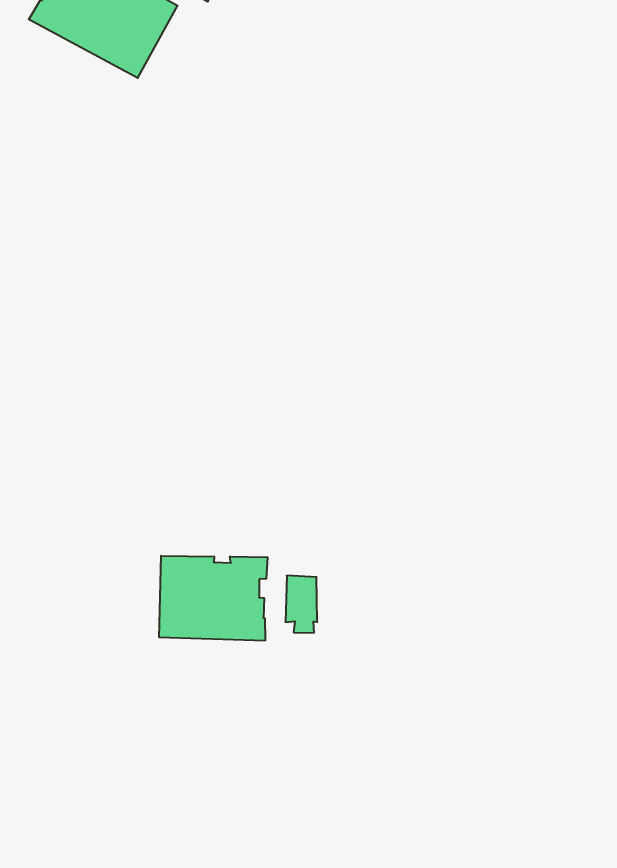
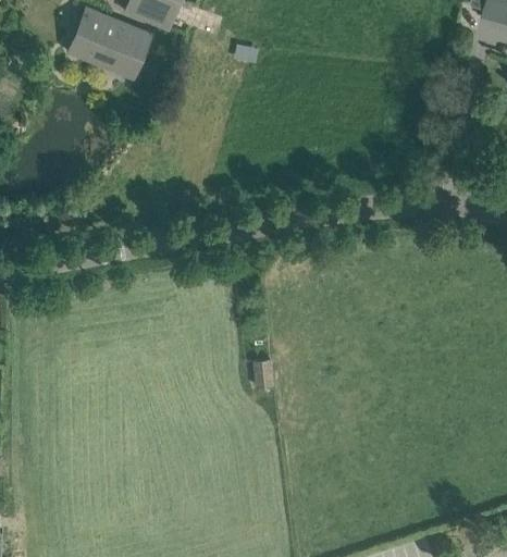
building: [159,556,268,641] -> none

